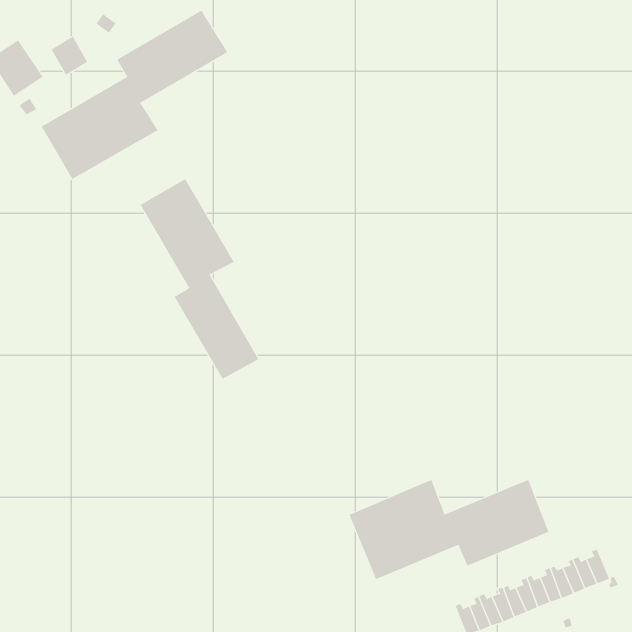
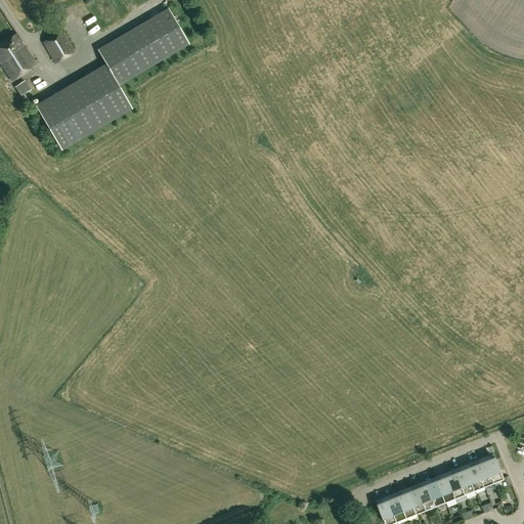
building: [140,178,259,380] -> none
building: [349,479,549,580] -> none

